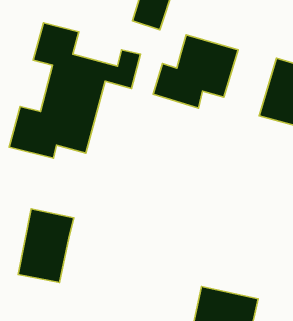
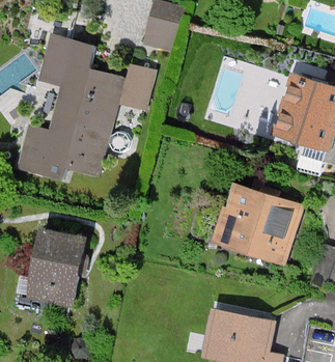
building: [153,35,238,108] -> none
building: none -> [213,187,301,261]

